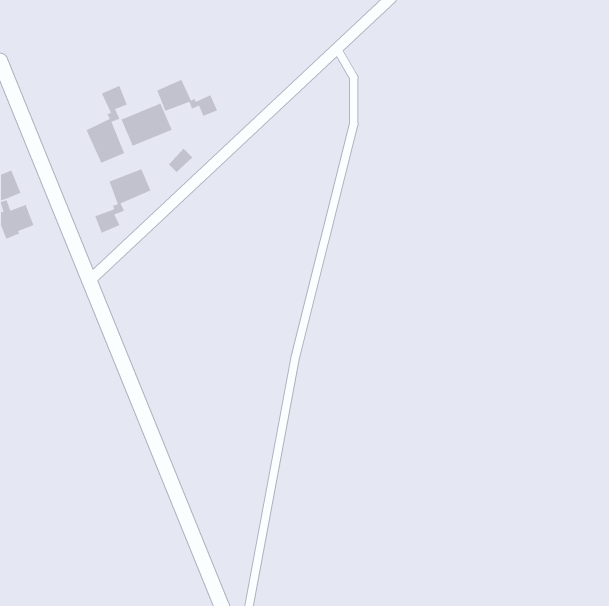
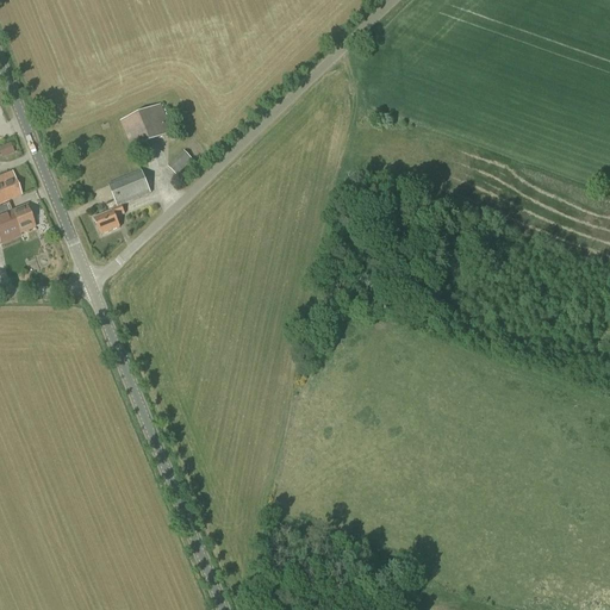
building: [156,79,218,117] -> none
building: [85,85,128,164] -> none

